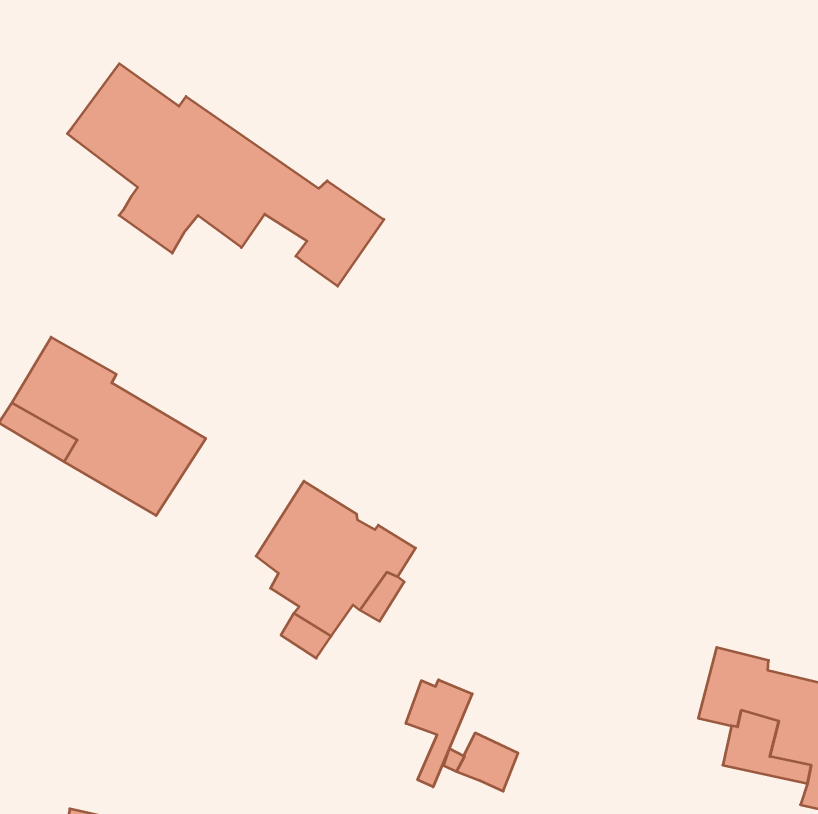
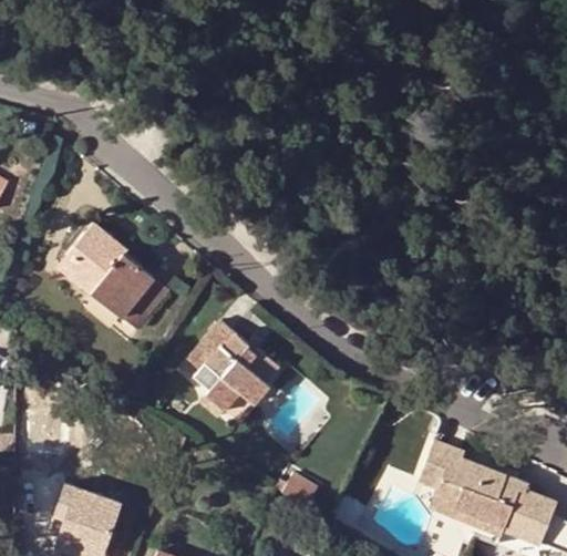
building: [67,64,384,286] -> none
building: [406,680,472,787] -> none

